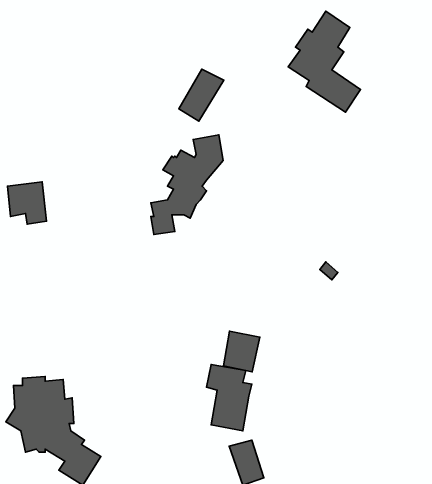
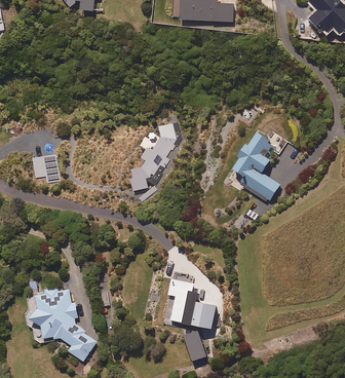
building: [288,11,361,112] -> [229,131,278,200]
building: [179,69,224,121] -> none
building: [224,331,260,372] -> [192,300,217,328]

